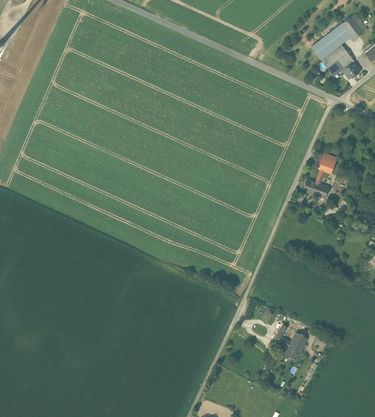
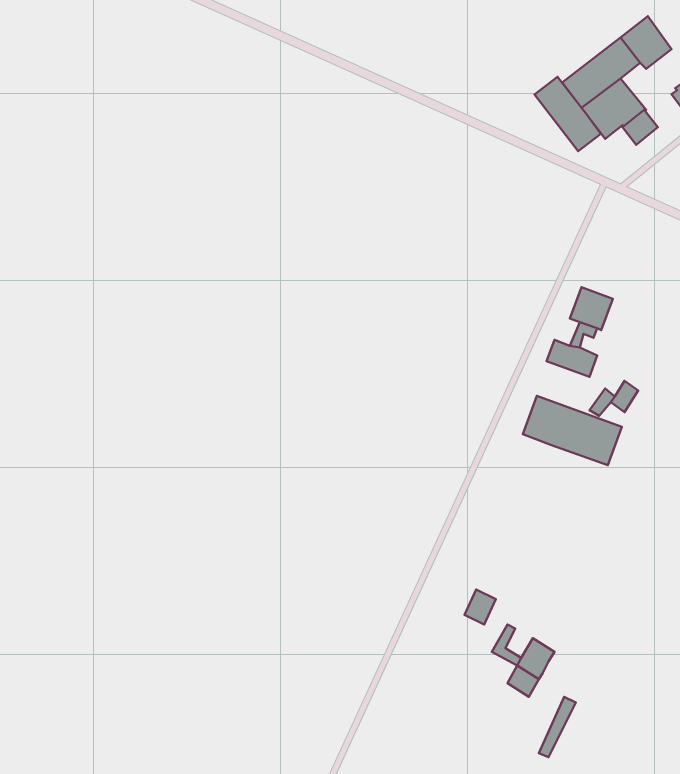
building: none -> [535,77,601,151]
building: none -> [523,396,622,465]

